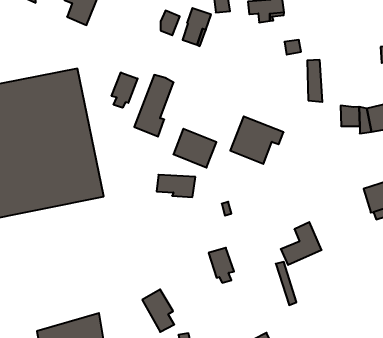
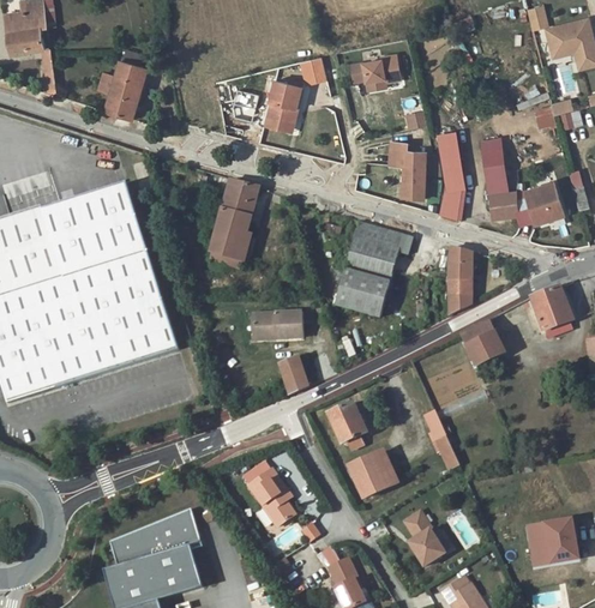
building: none -> [389,140,423,198]
building: none -> [481,137,505,192]
building: [112,72,138,108] -> none
building: none -> [438,189,462,218]
building: [173,129,216,168] -> [335,269,391,318]
building: none -> [450,247,471,317]
building: none -> [462,320,506,365]
building: none -> [280,354,307,392]
building: none -> [348,450,397,496]

